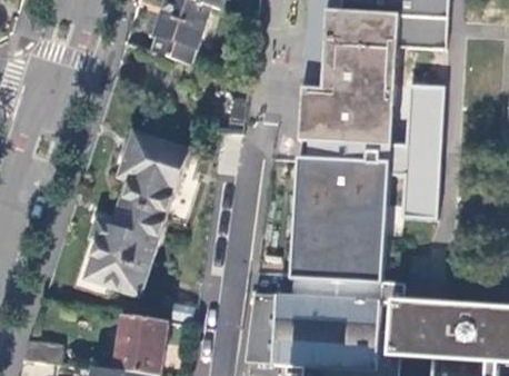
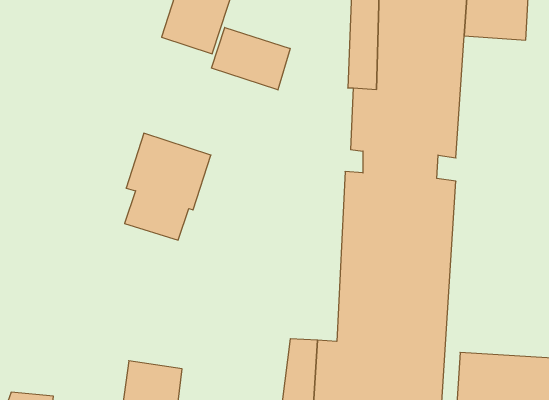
building: none -> [212,27,290,90]
building: [389,81,443,216] -> none
building: [86,202,163,293] -> none

